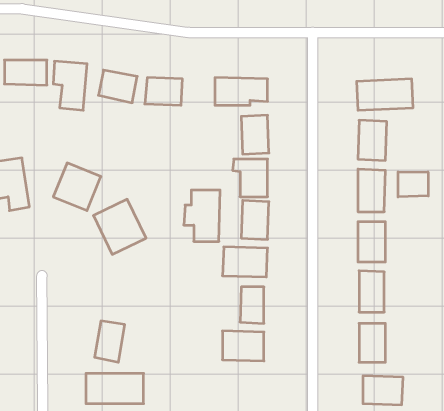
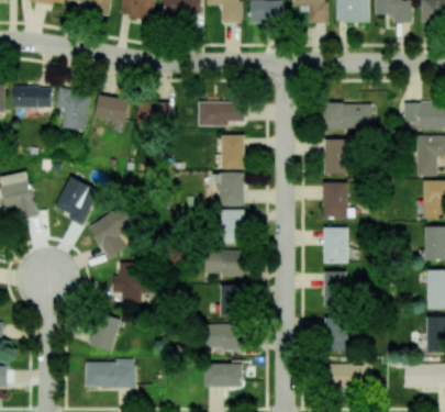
building: [398,172,428,197] -> none
building: [184,190,220,241] -> [112,263,144,308]
building: none -> [204,364,243,388]

